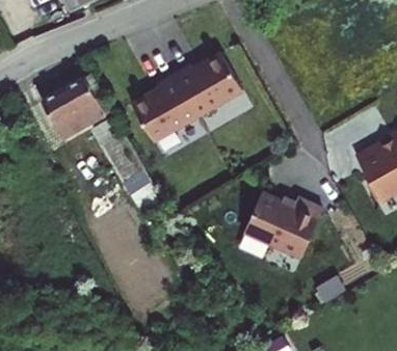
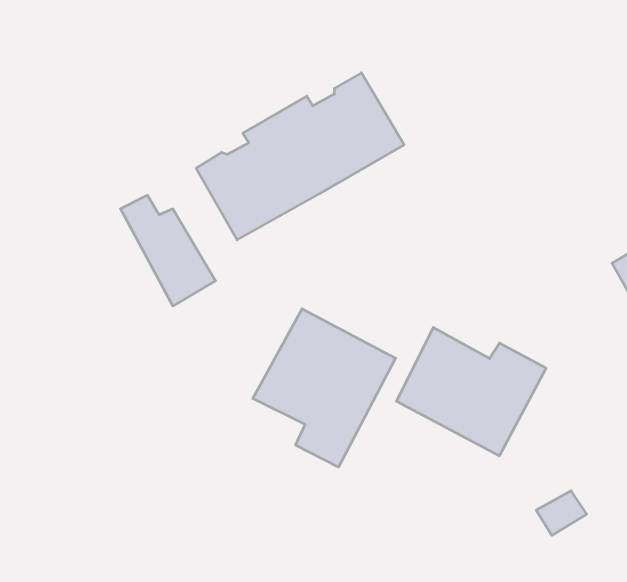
building: [42,73,111,137] -> none
building: none -> [253,309,396,467]

